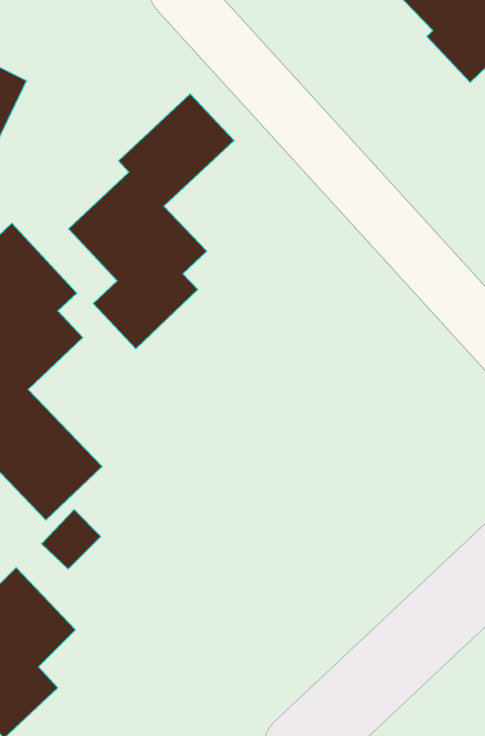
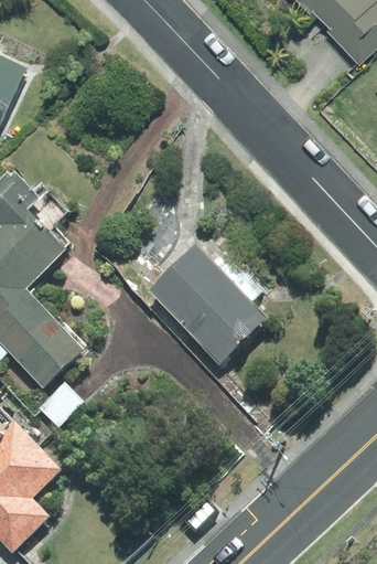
building: [68,94,234,349] -> none
building: none -> [151,234,266,365]

